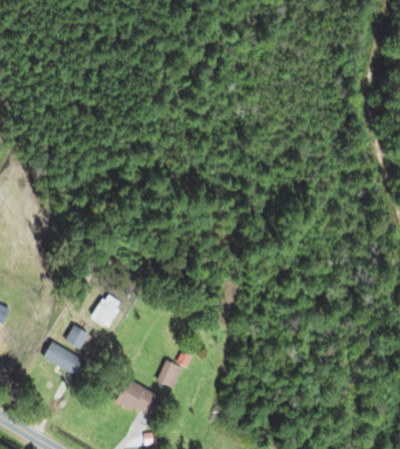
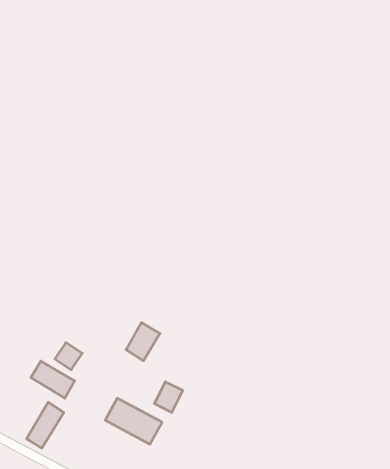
building: [91,293,122,328] -> [126,323,160,361]
building: none -> [27,402,64,448]

